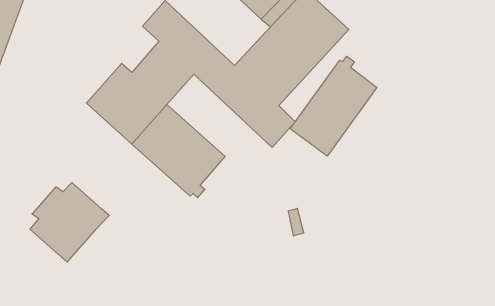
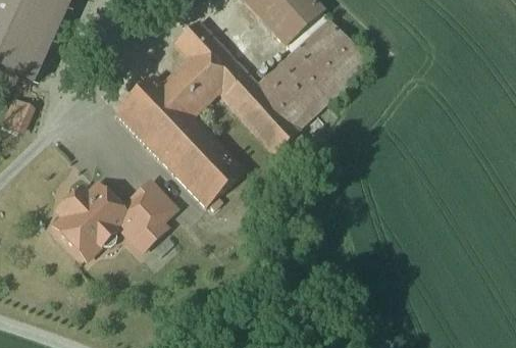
building: [290,56,377,156] -> none
building: none -> [119,181,174,250]

